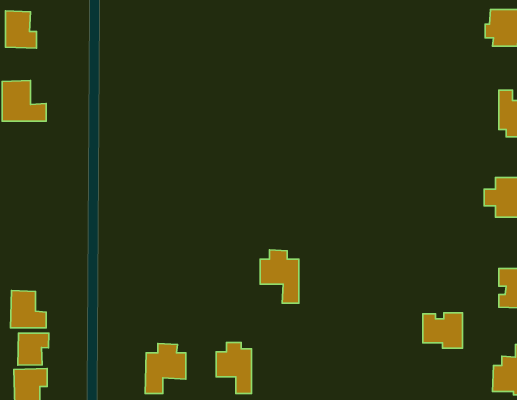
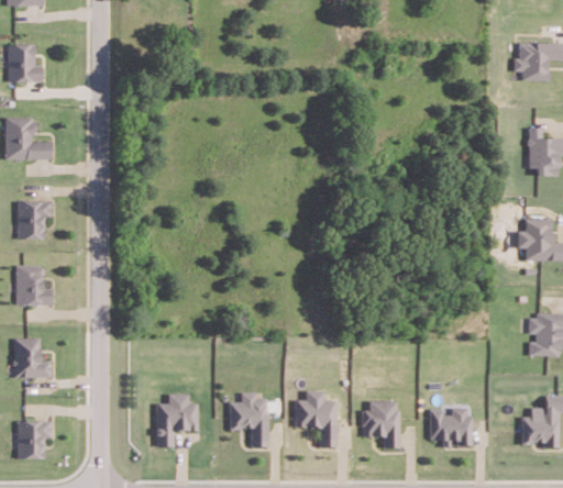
building: none -> [18,201,52,240]
building: none -> [15,265,52,304]
building: [260,250,299,303] -> [296,390,336,446]
building: [423,313,462,348] -> [430,408,472,445]
building: [18,333,49,365] -> none
building: none -> [362,400,400,448]

